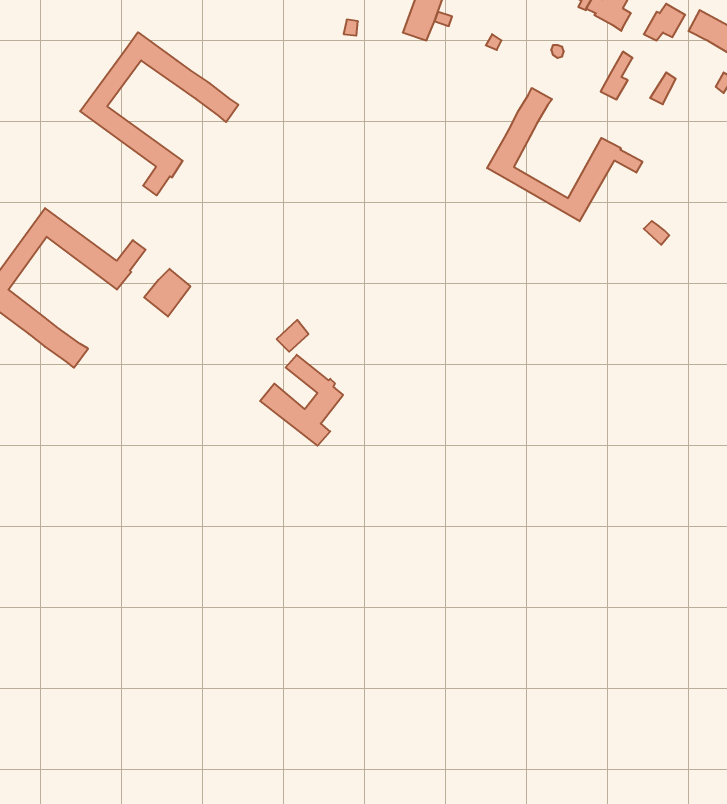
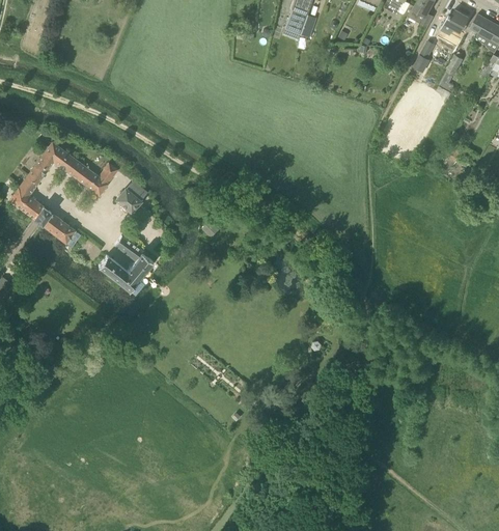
building: [80,32,238,195] -> none
building: [487,88,642,221] -> none
building: [260,355,343,446] -> [98,235,151,295]

